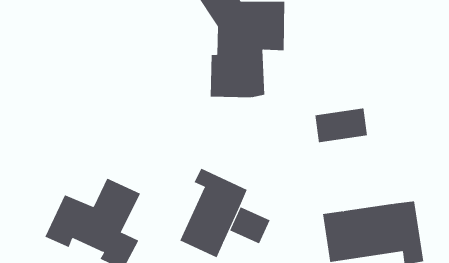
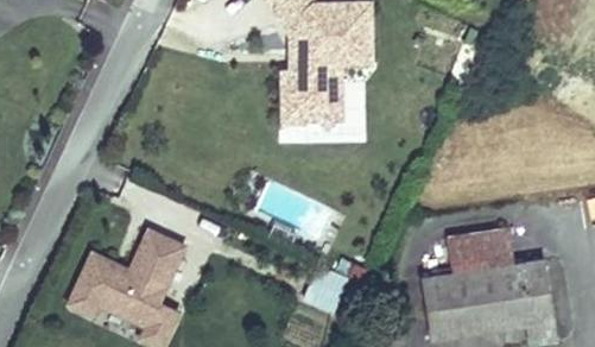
building: [314,108,368,143] -> [444,228,513,273]
building: [180,168,248,258] -> none

